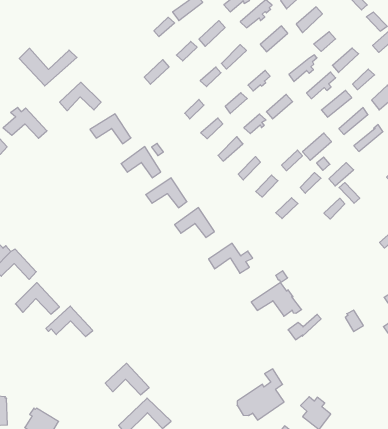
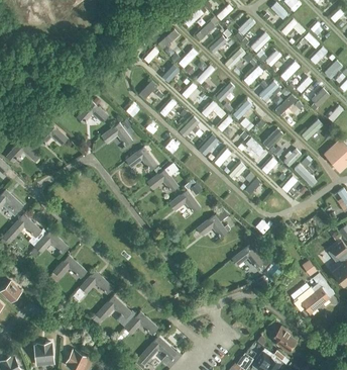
building: [19,48,77,86] -> none
building: none -> [97,296,135,326]
building: [237,369,284,420] -> [294,274,329,313]

